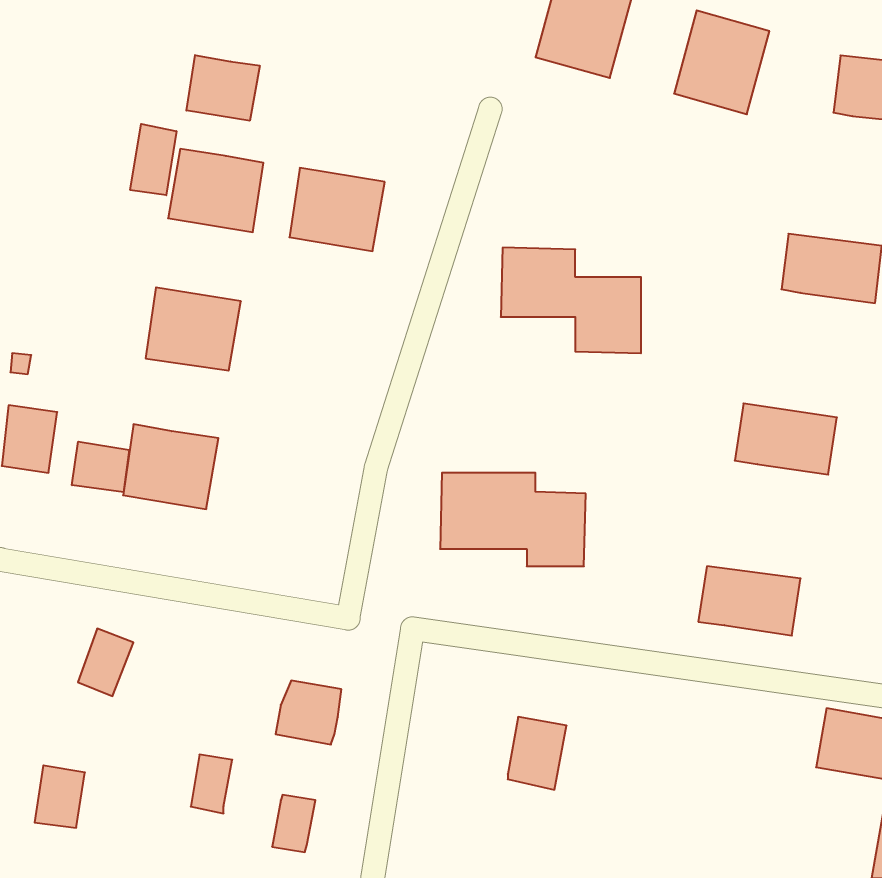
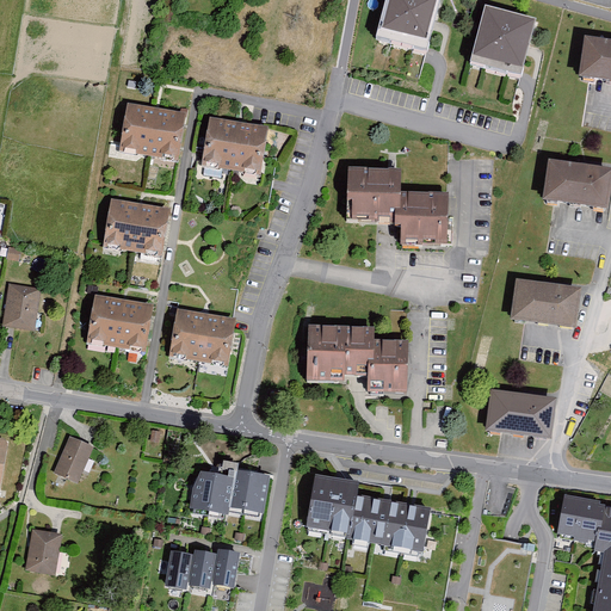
building: [186,55,260,121] -> none
building: [130,124,176,195] -> none
building: [72,442,129,492] -> none
building: none -> [167,307,233,364]
building: none -> [233,468,273,512]
building: none -> [308,473,362,533]
building: none -> [384,500,433,551]
building: [191,755,232,813] -> [167,548,196,588]
building: none -> [214,547,242,586]

